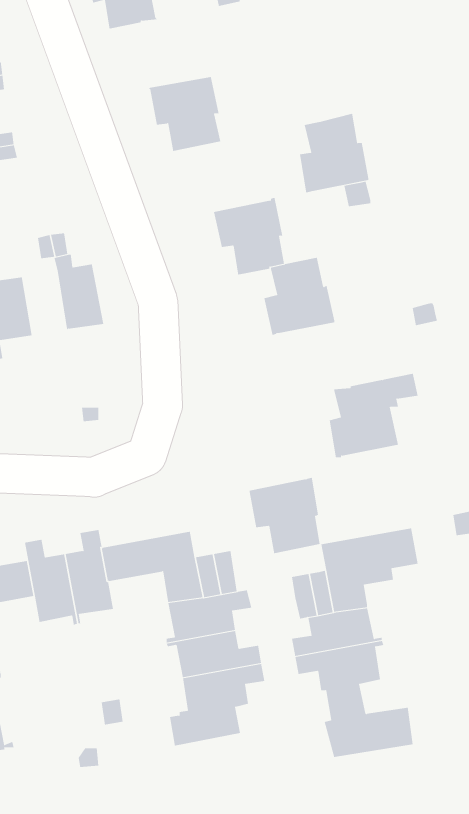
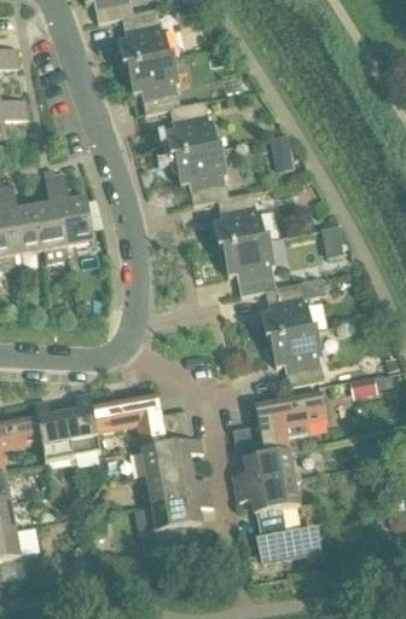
building: none -> [116,8,173,66]
building: [299,113,369,193] -> [164,99,216,158]
building: none -> [33,201,69,262]
building: none -> [221,237,276,295]
building: [249,477,321,554] -> [269,329,323,386]

